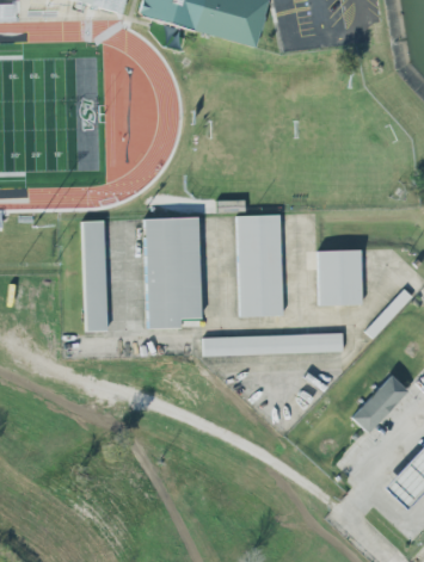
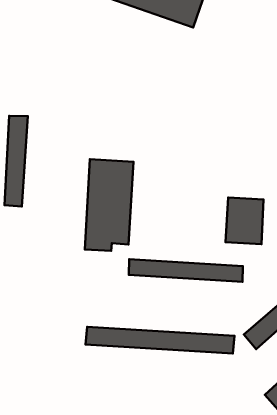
building: [236,215,283,317] -> none
building: [82,220,107,331] -> [4,116,28,207]
building: none -> [85,327,235,354]

